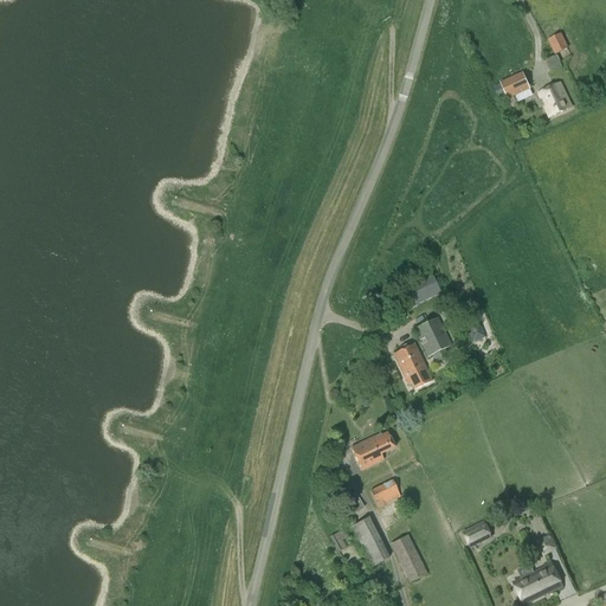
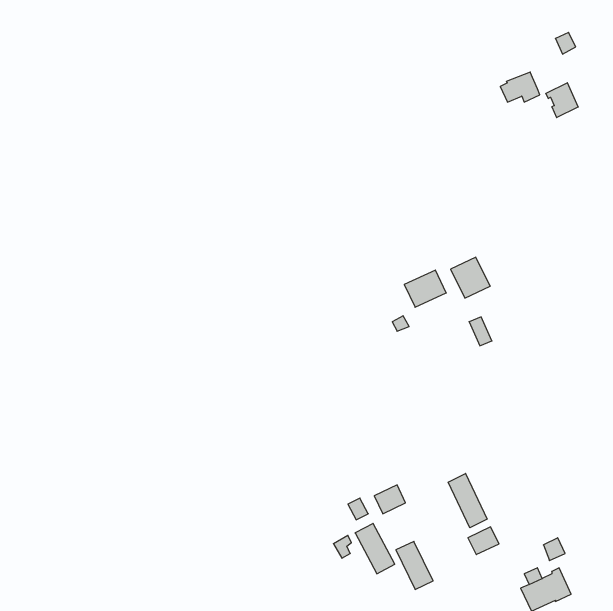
building: [413,316,452,356] -> [451,257,490,298]
building: [392,343,432,392] -> none
building: [350,431,394,469] -> none
building: none -> [448,473,487,528]

